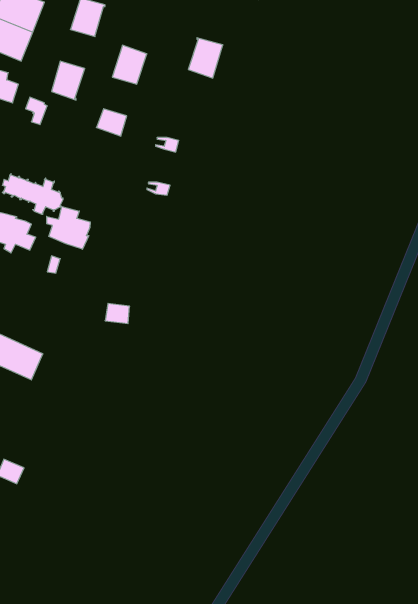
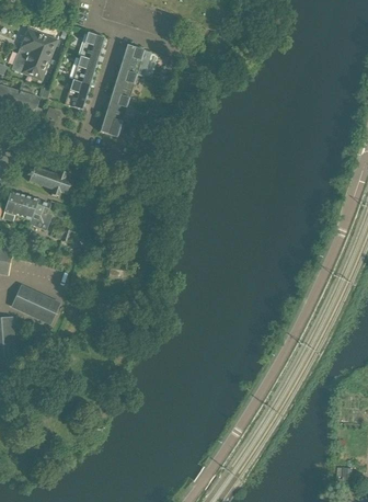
building: none -> [71,56,97,85]
building: [188,38,223,78] -> [118,44,145,75]
building: none -> [104,92,129,122]
building: [47,206,90,249] -> none

